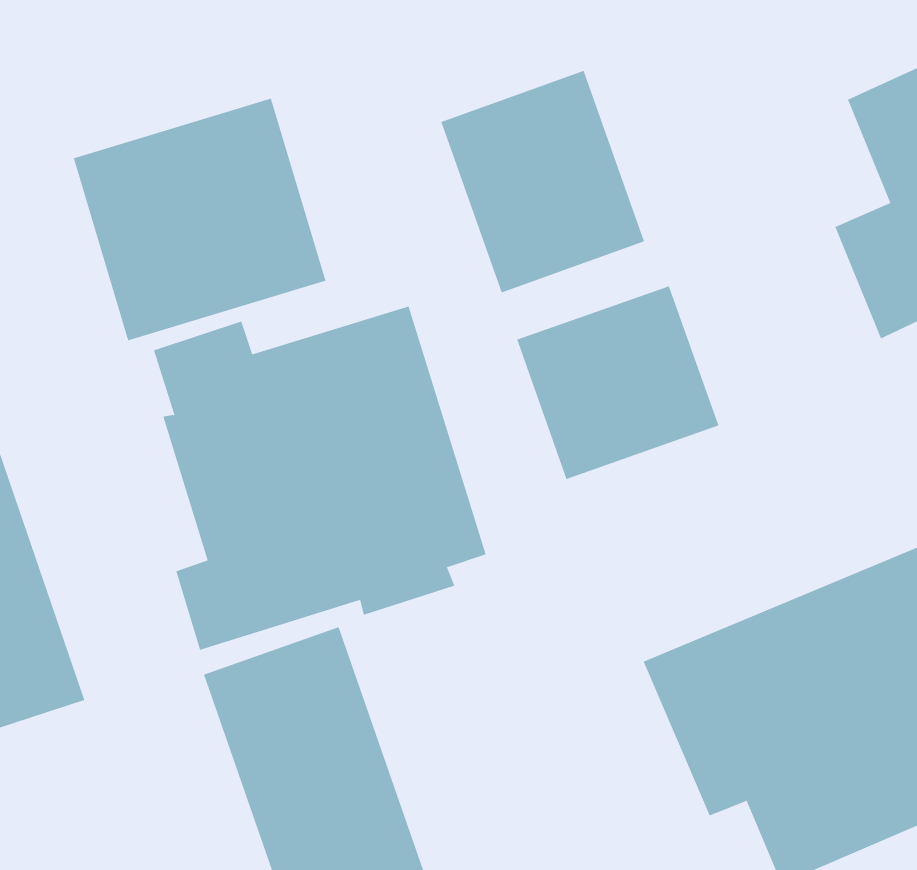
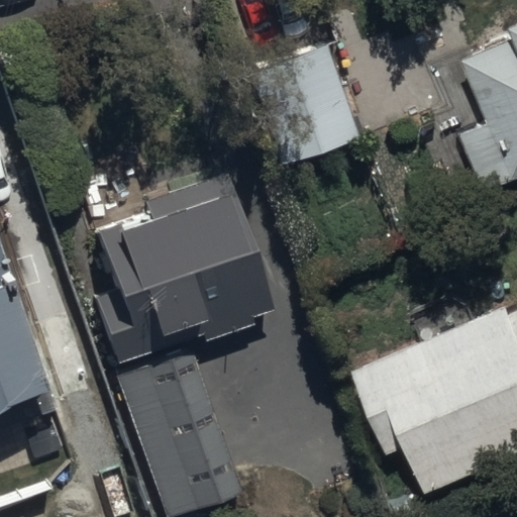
building: [73,98,326,341] -> none
building: [516,285,719,480] -> none

